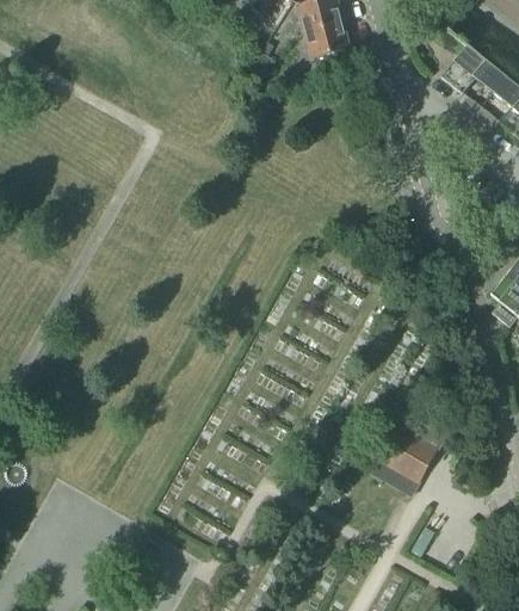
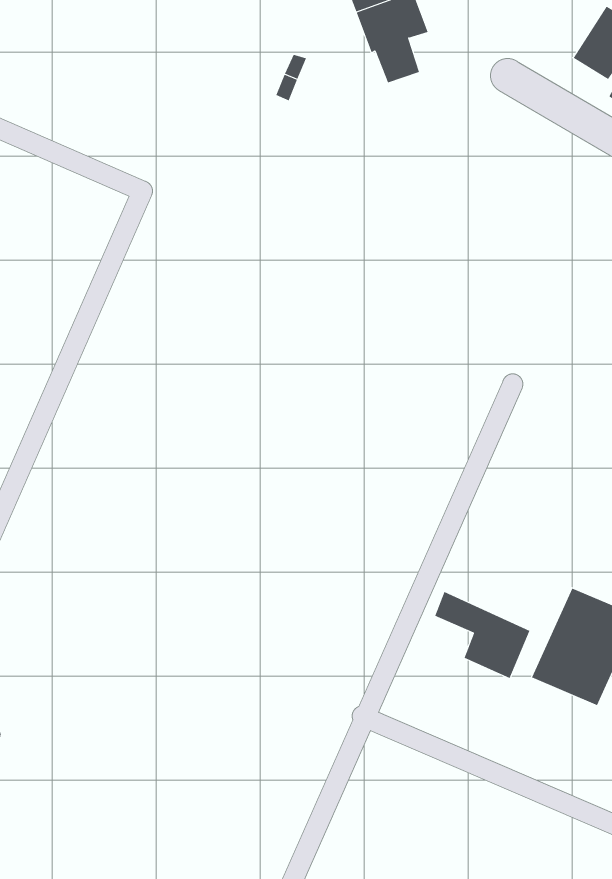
building: none -> [435,591,530,679]

